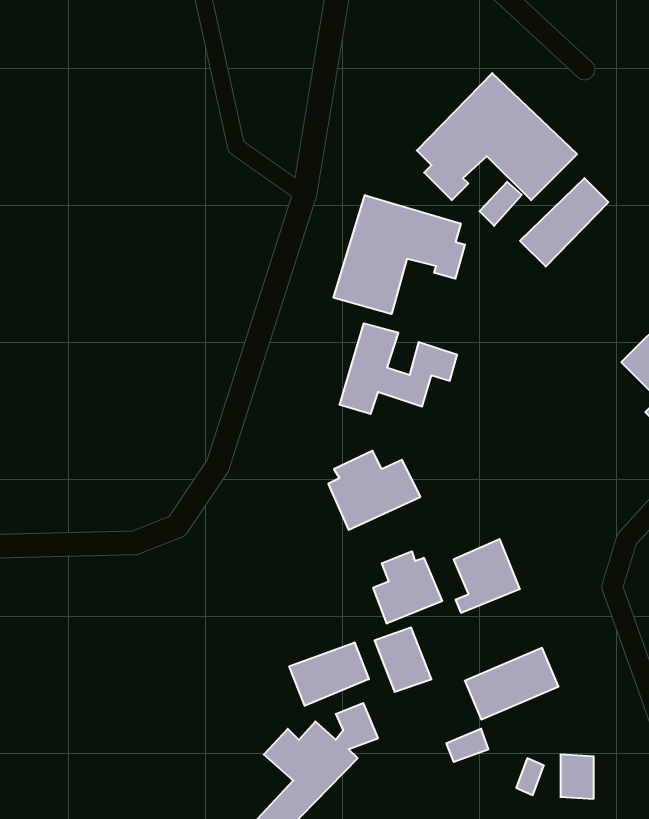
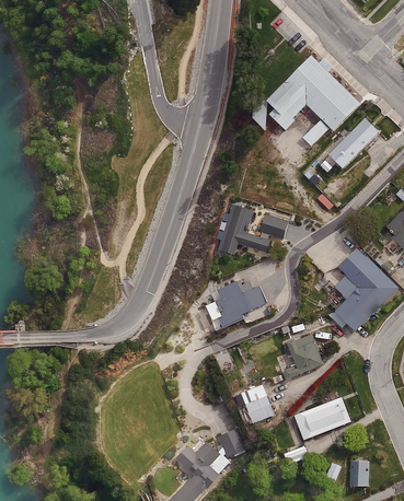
building: [333,195,465,314] -> none
building: none -> [334,246,399,330]
building: [373,551,442,624] -> none
building: [289,642,369,706] -> none

